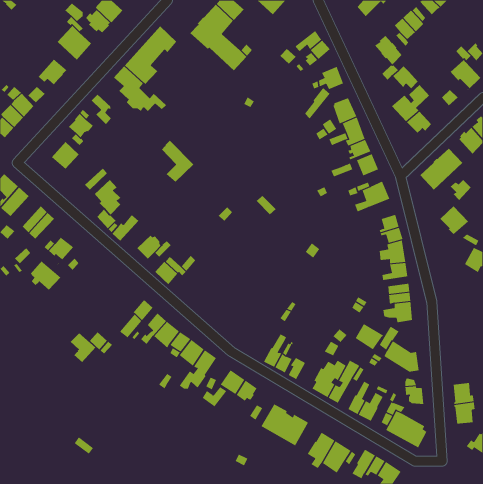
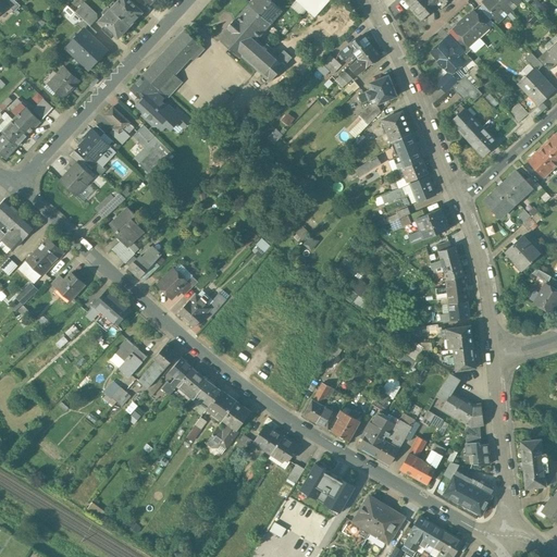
building: [161,140,194,183] -> [133,125,171,174]
building: [30,260,61,291] -> [94,289,129,324]
building: [355,323,384,350] -> none
building: [70,332,96,363] -> [115,339,146,374]

